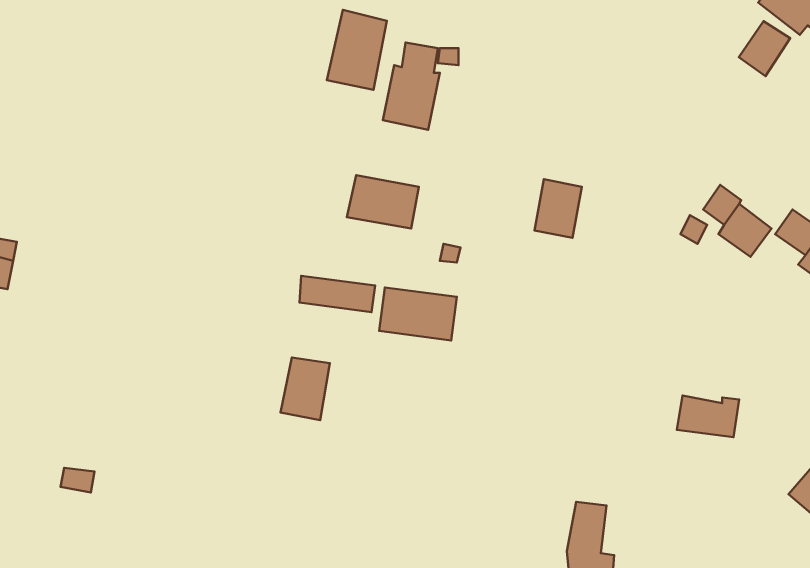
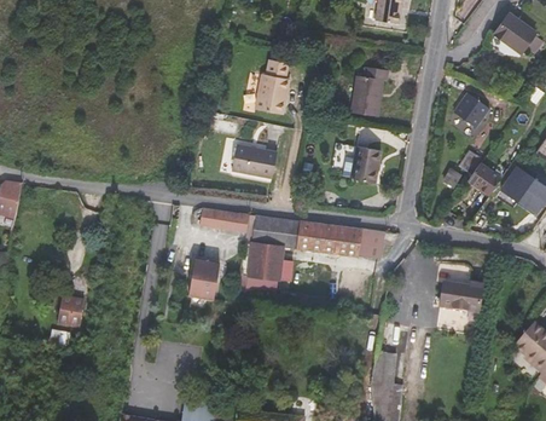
building: [327,10,387,90] -> none
building: [739,21,790,76] -> [459,96,492,131]
building: none -> [350,67,388,117]
building: none -> [297,221,384,259]
building: none -> [245,243,281,282]
building: none -> [56,296,85,328]

